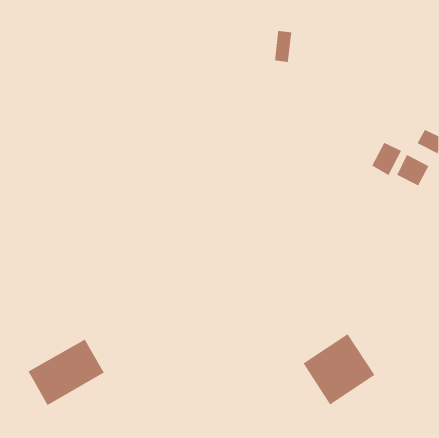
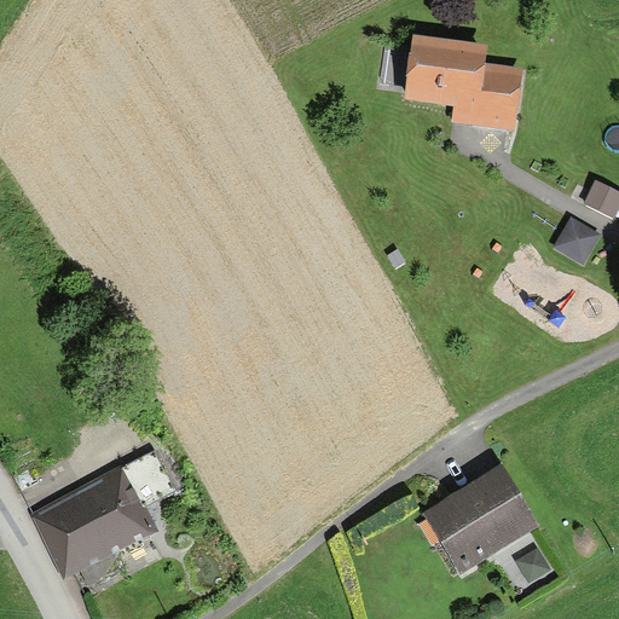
building: none -> [411,52,511,118]
building: [371,142,402,176] -> none

